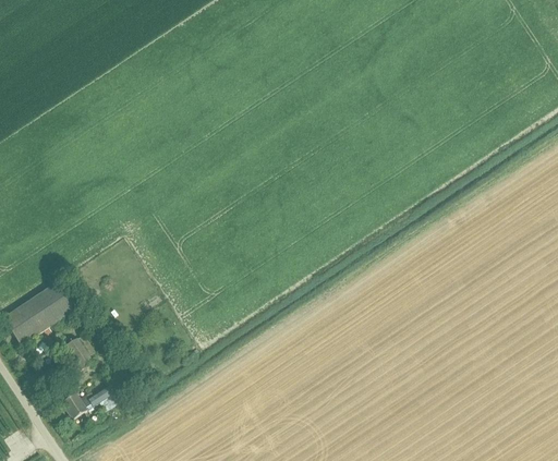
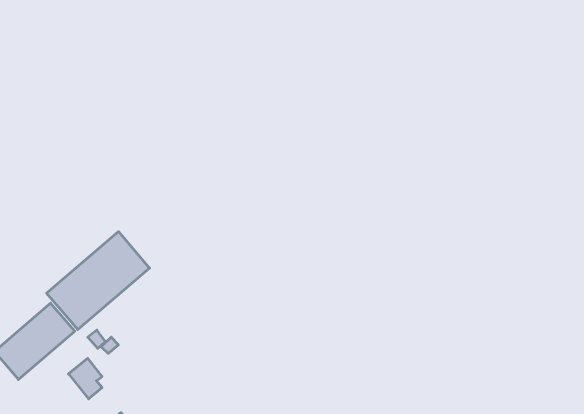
building: none -> [47,232,150,330]

